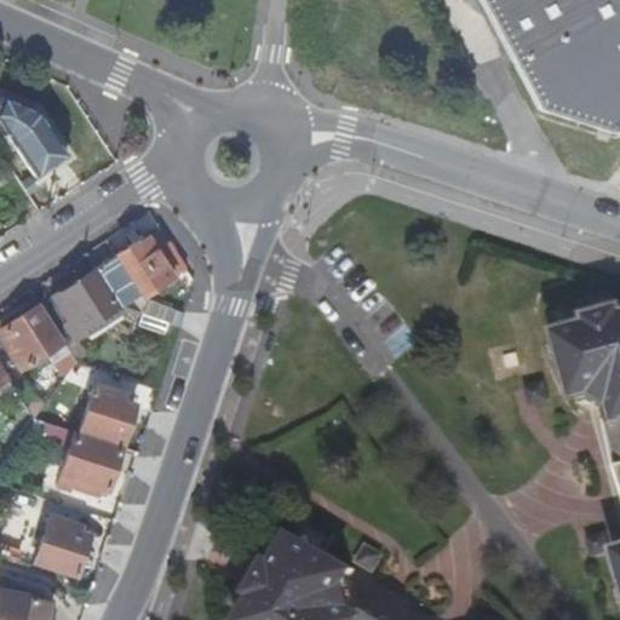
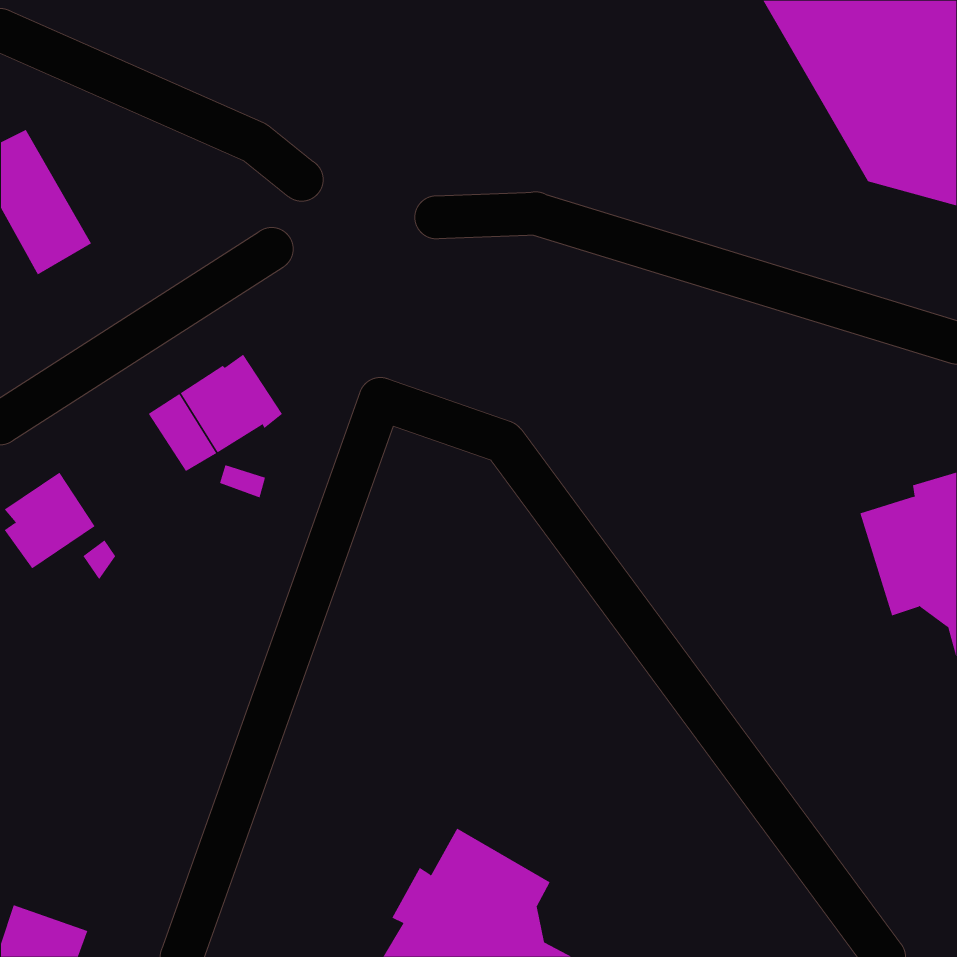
building: [58,270,115,337] -> none
building: [78,381,133,443] -> none
building: [53,434,117,494] -> none
building: [33,513,87,574] -> none

